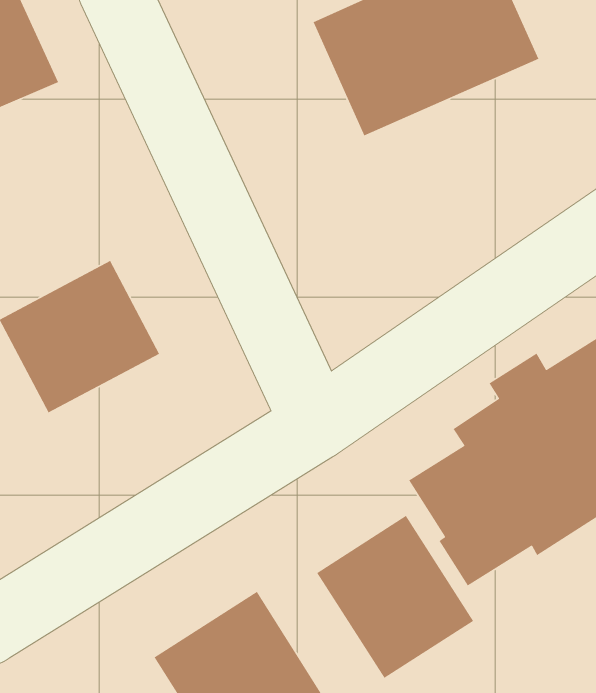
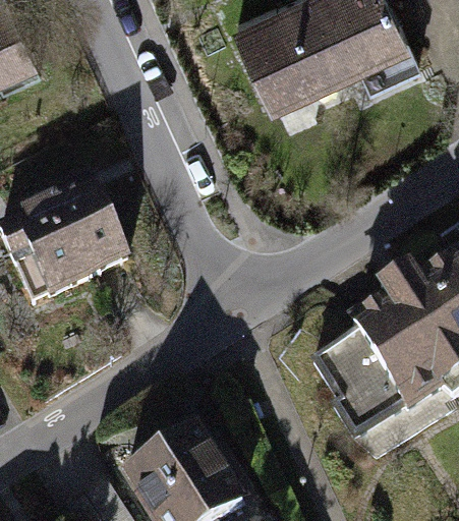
building: [316,515,474,679] -> none

